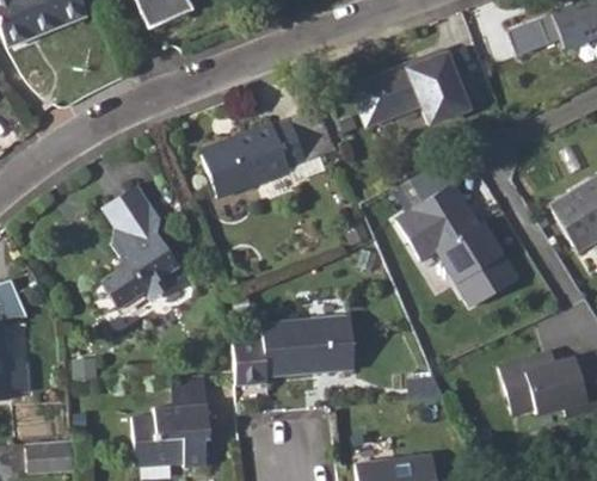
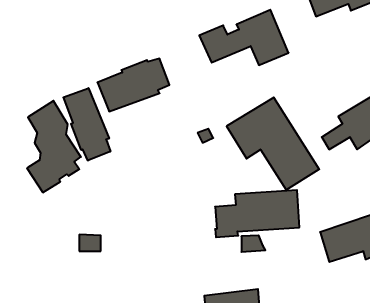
building: none -> [63,88,110,161]
building: [233,315,355,383] -> [215,190,299,237]
building: [133,403,210,467] -> none

